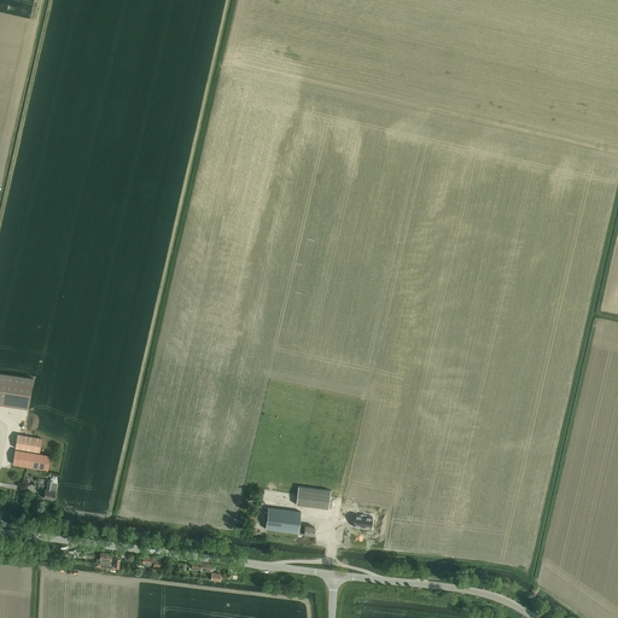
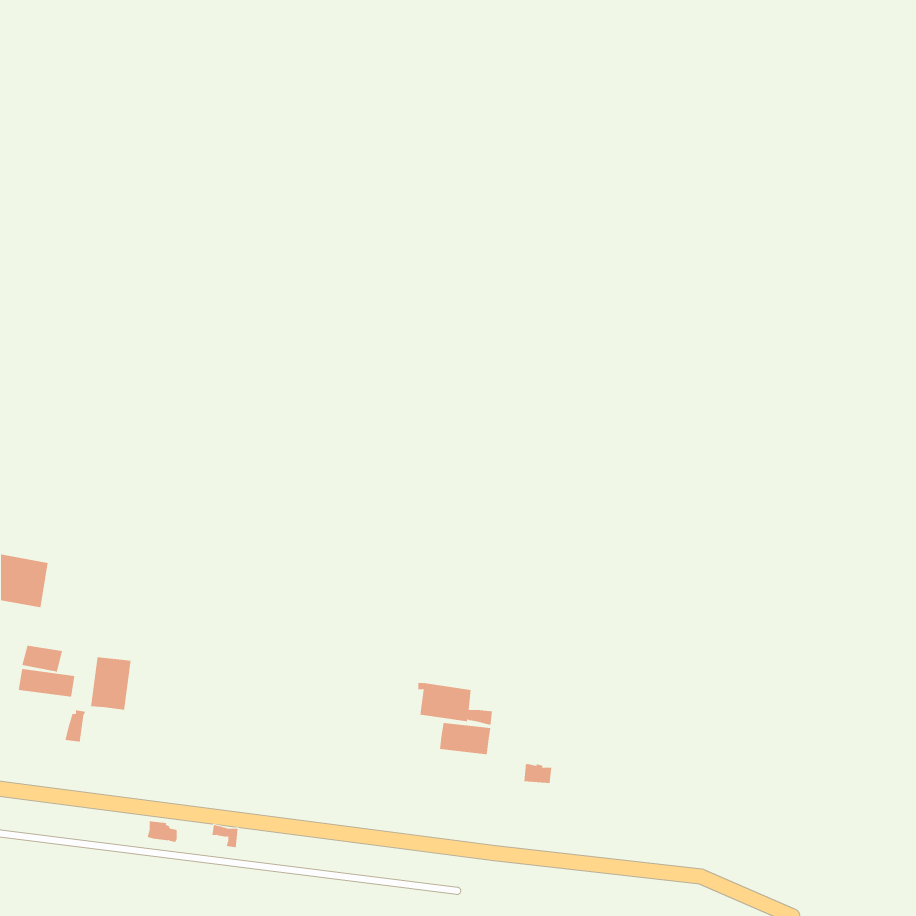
building: none -> [90,656,131,711]
building: [264,507,315,536] -> [418,683,493,726]

